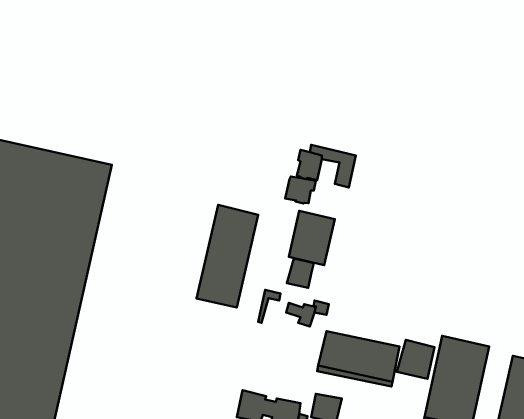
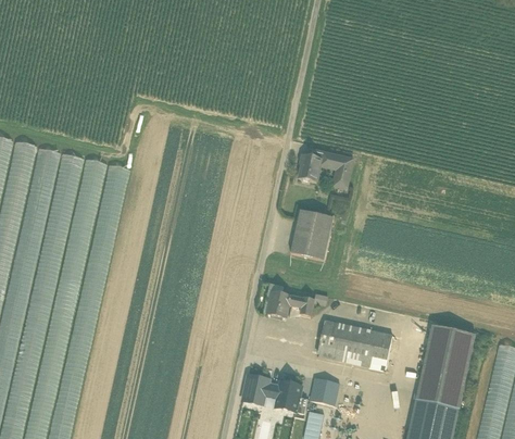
building: [285,176,316,204] -> none
building: [197,205,258,307] -> none
building: [287,258,314,288] -> [266,290,291,317]
building: [397,340,434,379] -> none

